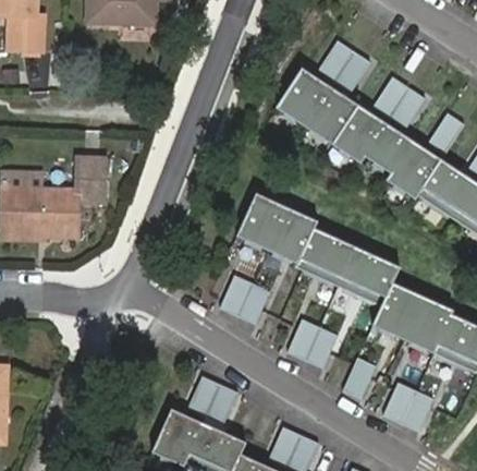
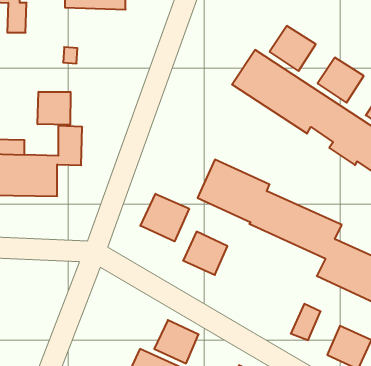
building: none -> [38,92,70,125]
building: none -> [140,194,189,241]
building: [288,318,338,367] -> none

